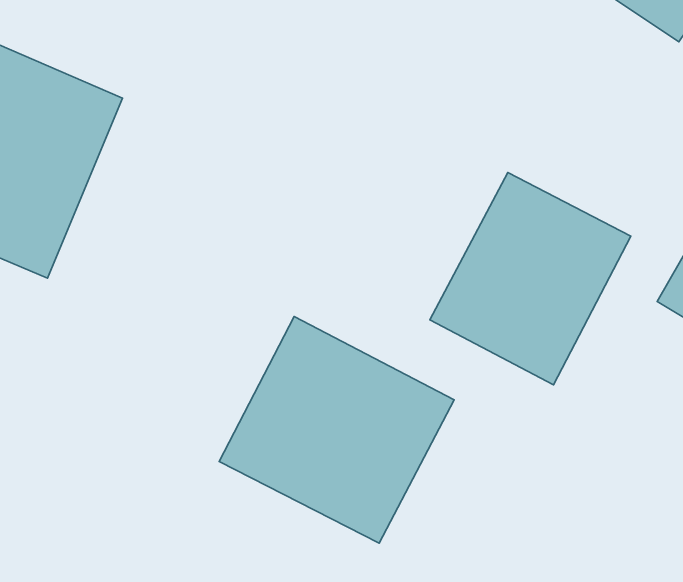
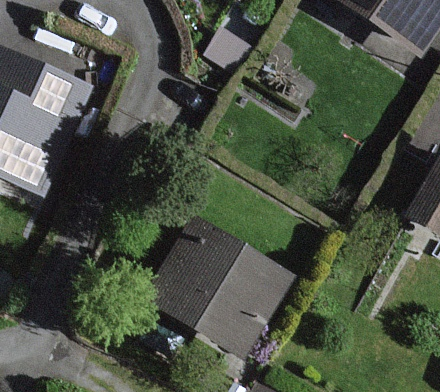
building: [430,173,631,385] -> none

